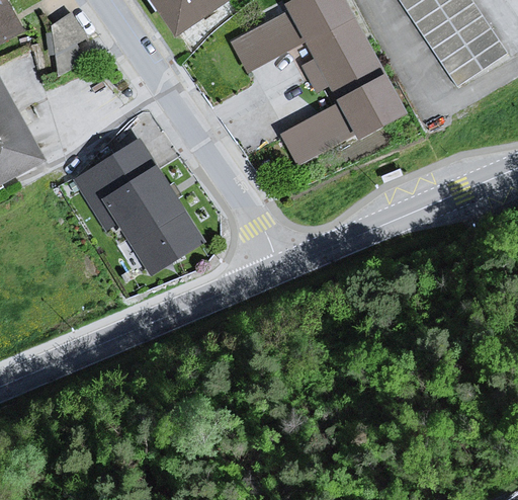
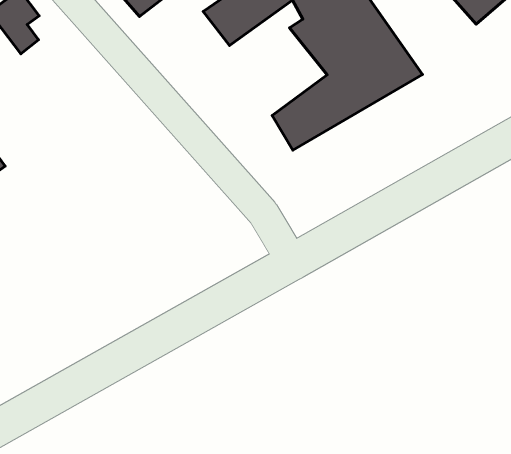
building: [79,138,200,266] -> none

